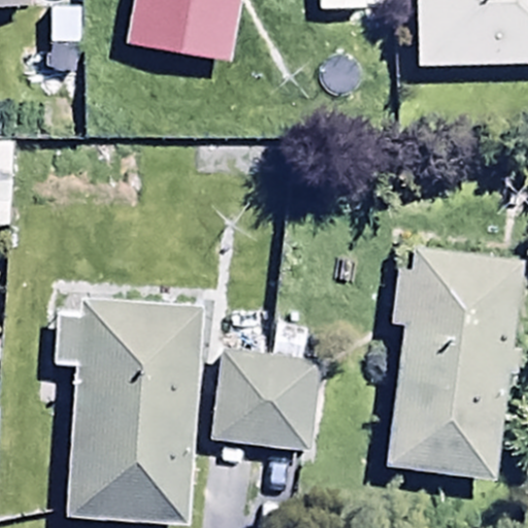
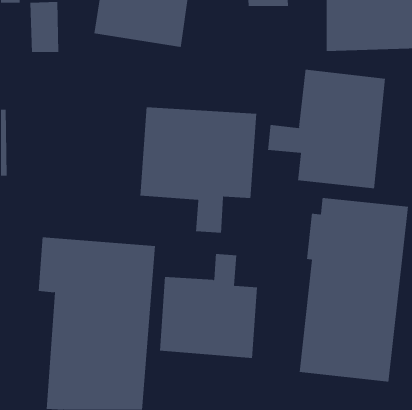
building: none -> [268,69,386,189]
building: none -> [140,107,257,234]

